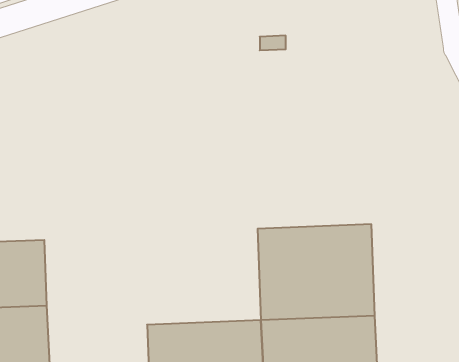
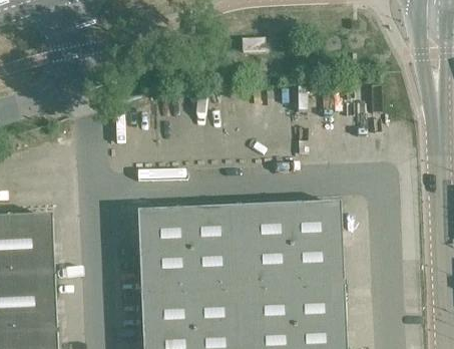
building: none -> [137,211,243,296]

